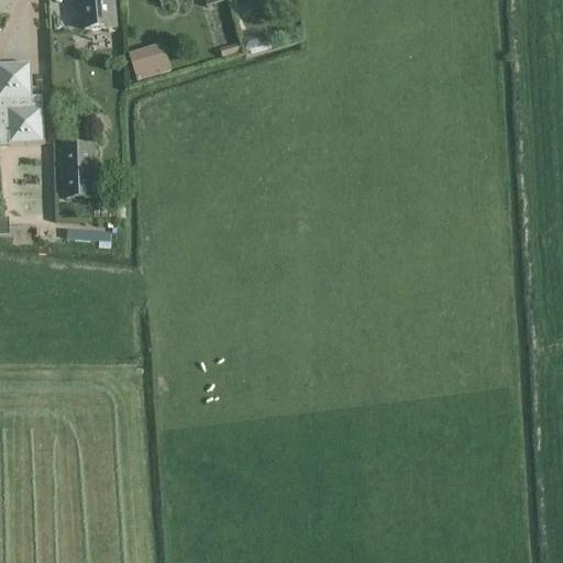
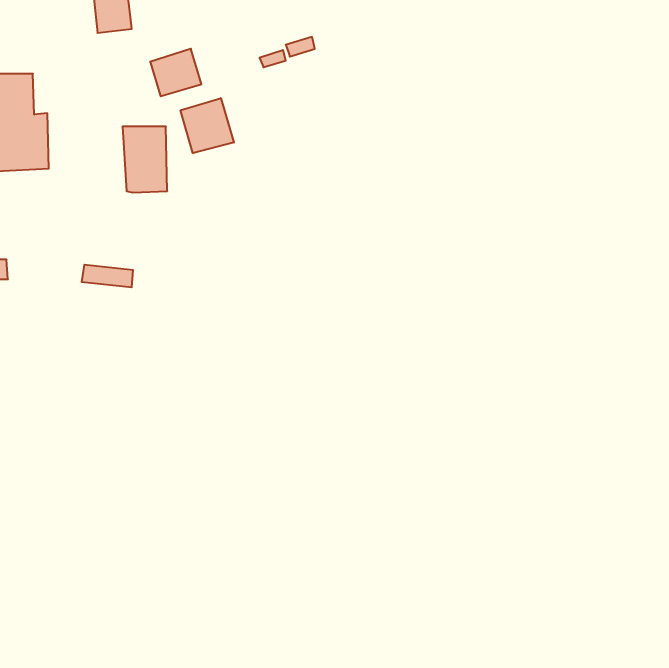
building: none -> [181,98,234,153]
building: [56,144,93,199] -> [122,127,167,192]

